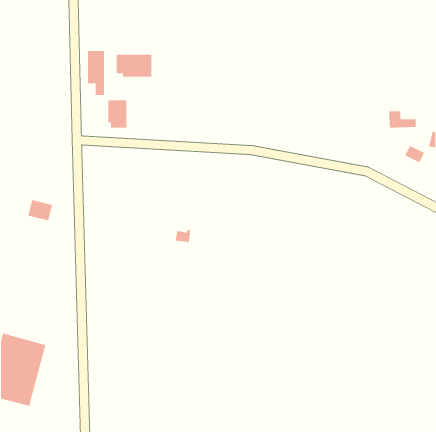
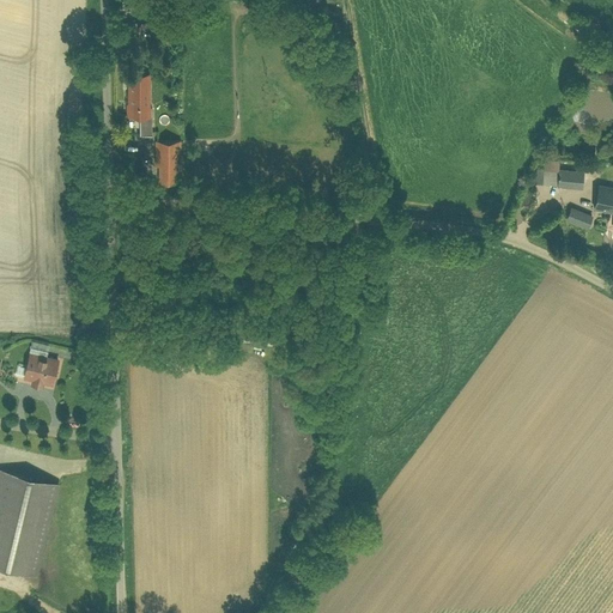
building: [116,54,152,77] -> none
building: [27,200,53,221] -> [29,354,65,384]

